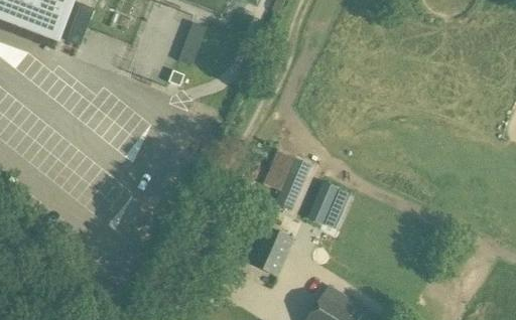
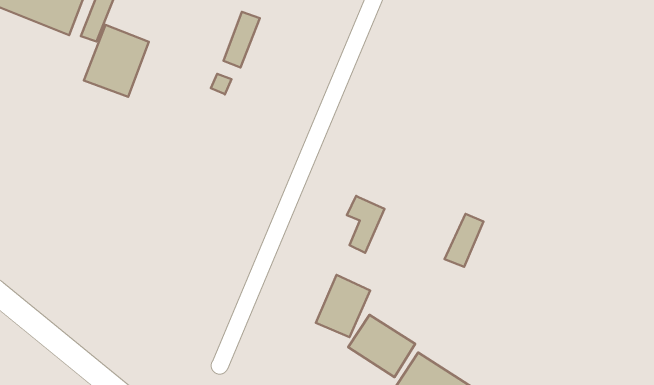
building: none -> [84,25,149,97]
building: [307,181,338,222] -> [445,214,484,267]
building: none -> [348,315,415,377]

